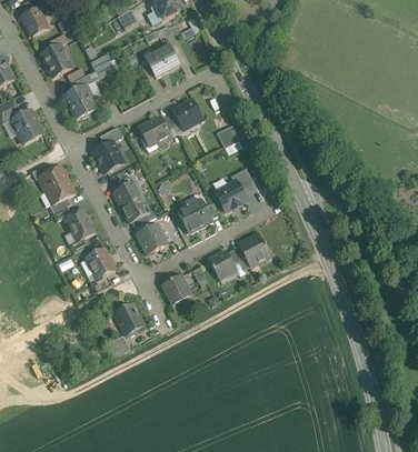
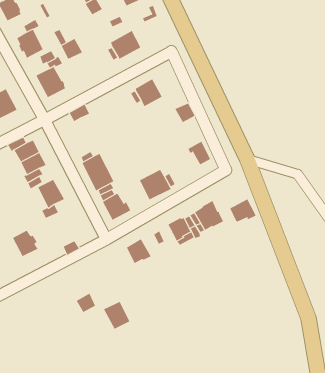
building: [138,115,171,147] -> none
building: [92,141,123,172] -> none
building: [215,179,246,211] -> none
building: none -> [229,199,256,222]
building: [86,248,115,278] -> [12,230,38,257]
building: [113,303,143,334] -> [103,301,130,329]

